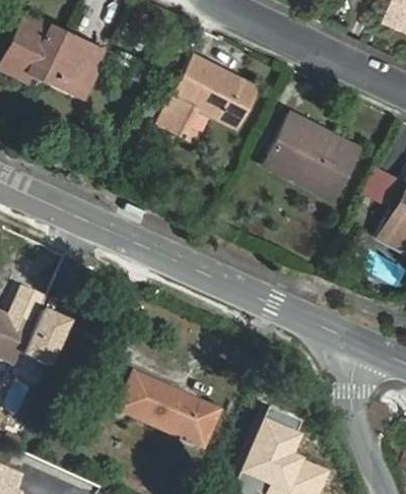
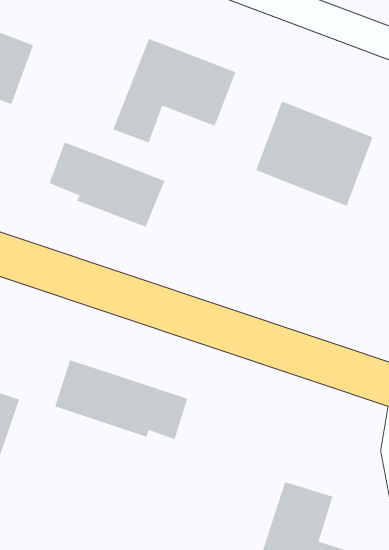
building: none -> [48,141,165,228]
building: [119,375,222,445] -> [54,359,188,440]

